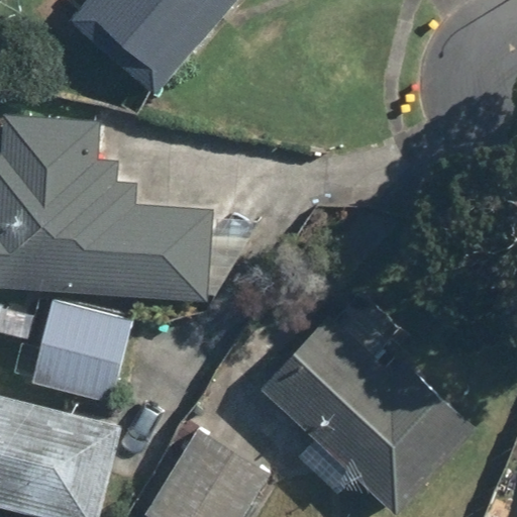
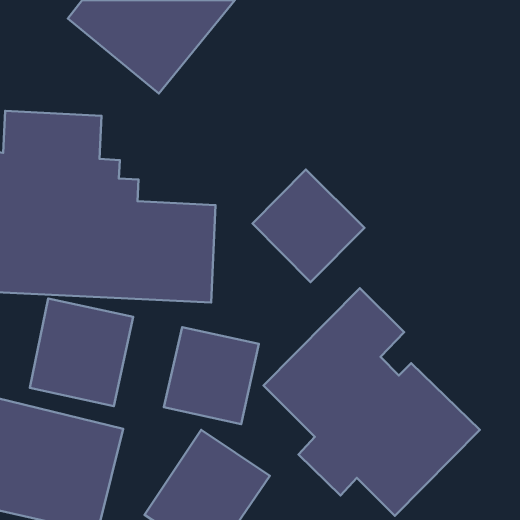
building: none -> [253,170,365,282]
building: none -> [164,327,259,424]

